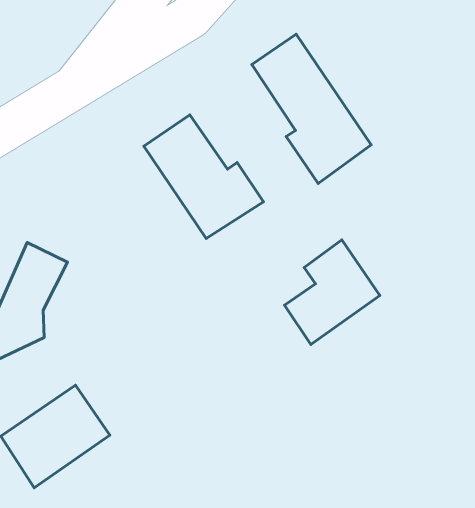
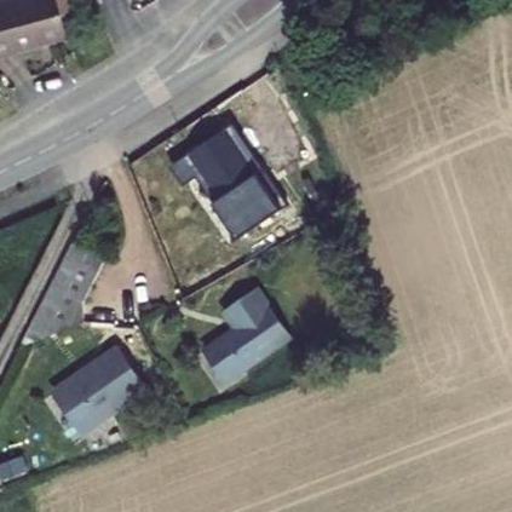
building: [252,34,371,184] -> none
building: [284,240,380,344] -> [194,300,275,386]

